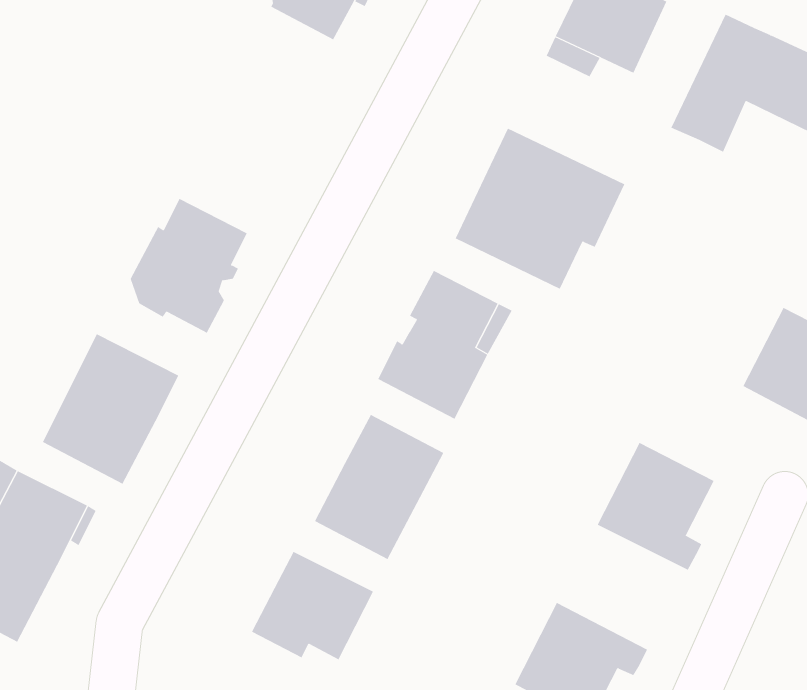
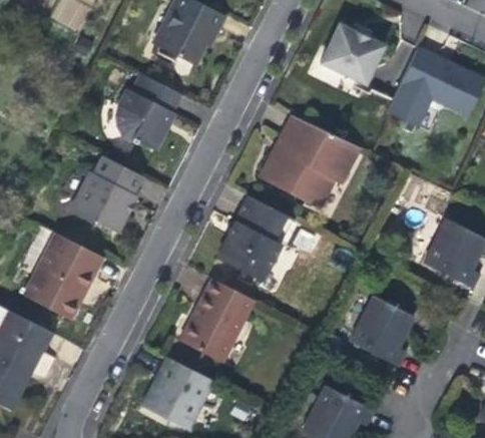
building: none -> [119,74,183,150]

